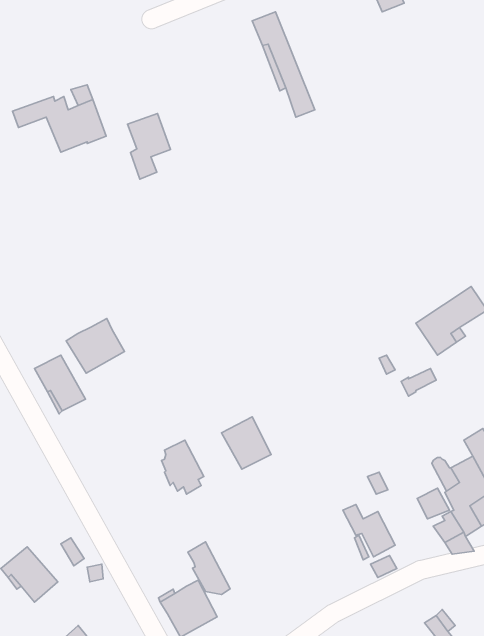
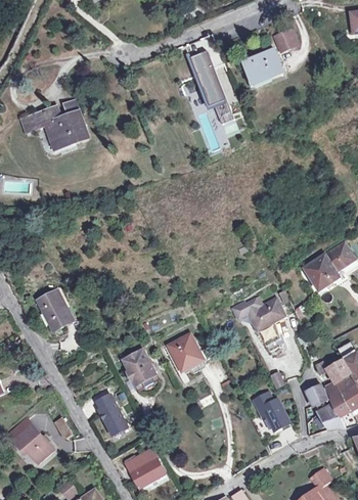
building: none -> [243,50,283,84]
building: [127,114,170,179] -> none
building: [66,319,124,373] -> none
building: none -> [230,297,285,331]
building: [188,542,230,595] -> [97,394,127,430]

